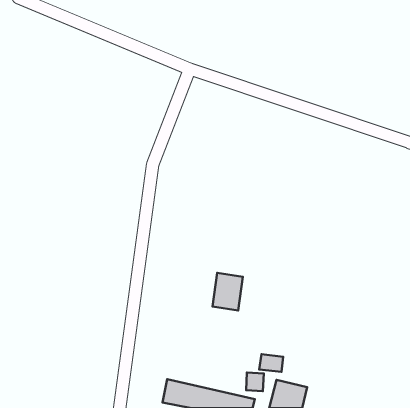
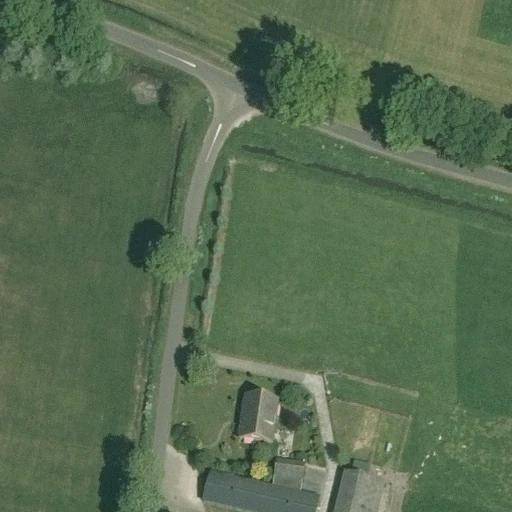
building: [212,273,243,310] -> [239,396,277,443]
building: [259,354,283,372] -> [272,458,302,480]

